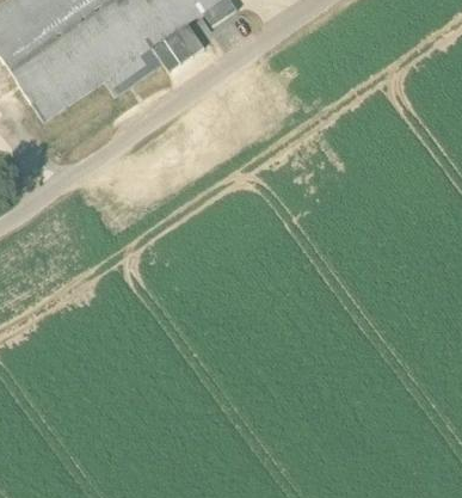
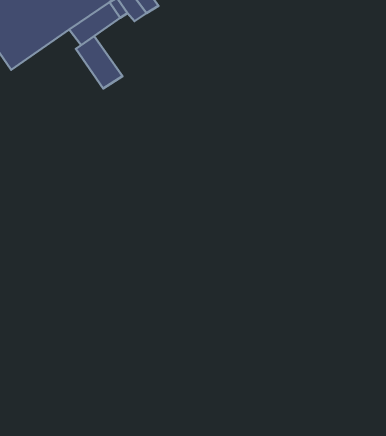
building: none -> [76,36,123,88]

